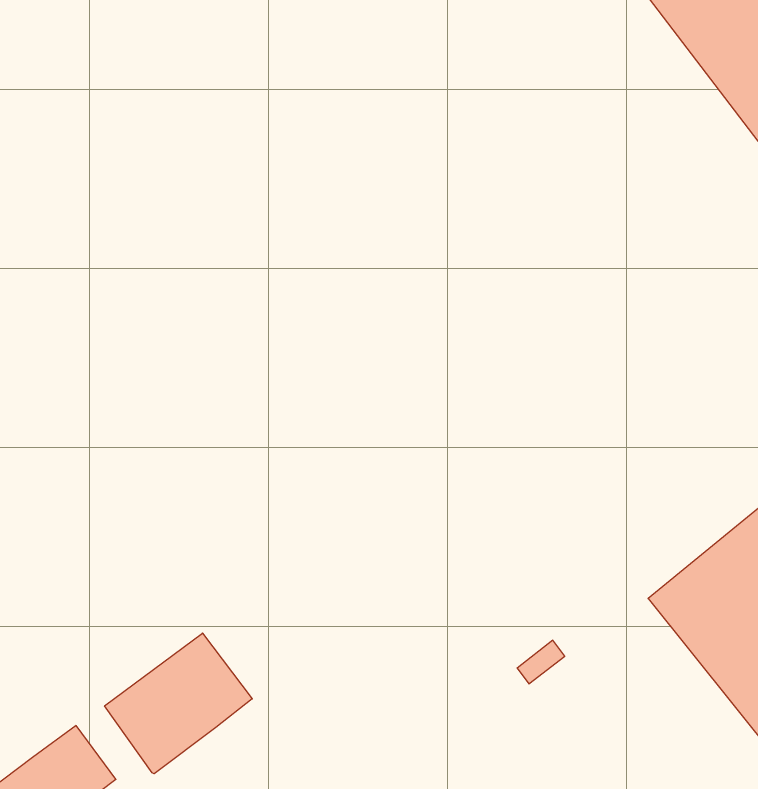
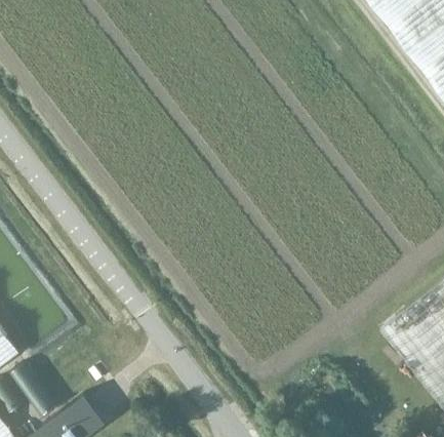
building: [105,633,252,774] -> none

